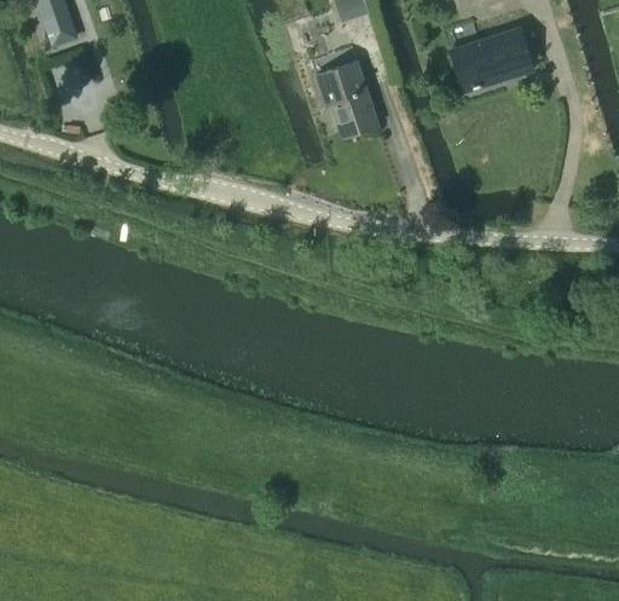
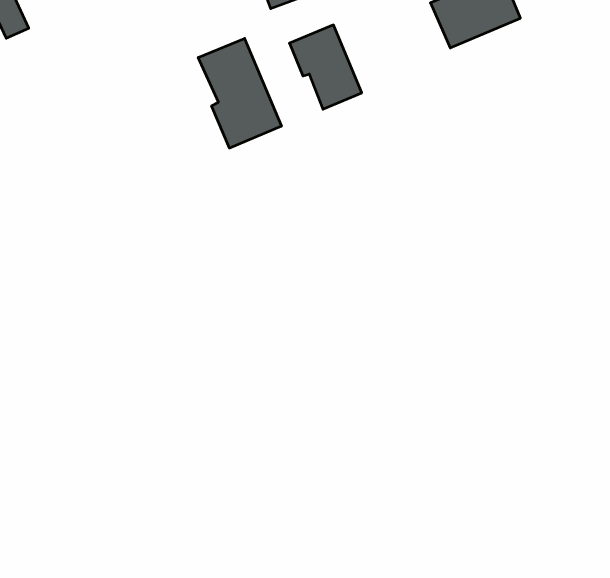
building: none -> [198,38,281,148]

